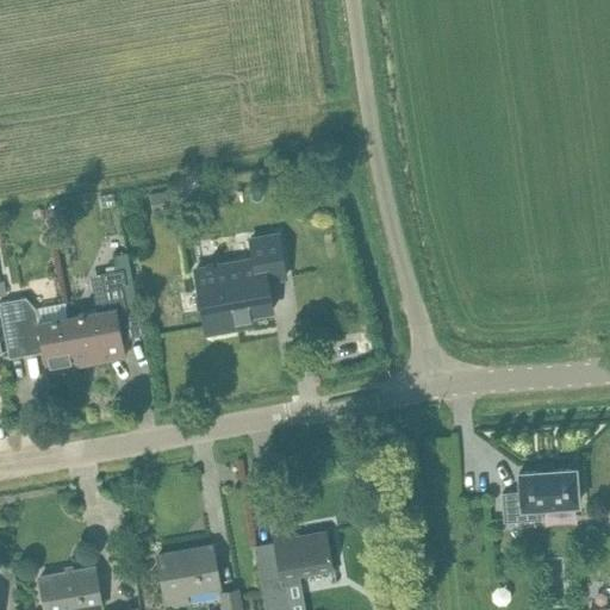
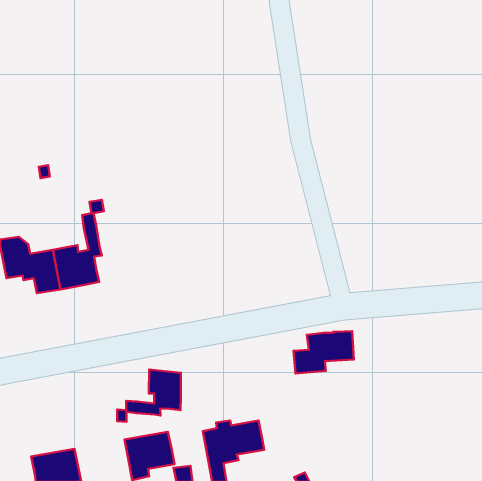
building: [195,236,286,334] -> none
building: none -> [117,370,181,422]
building: [502,471,578,524] -> [294,331,354,373]

